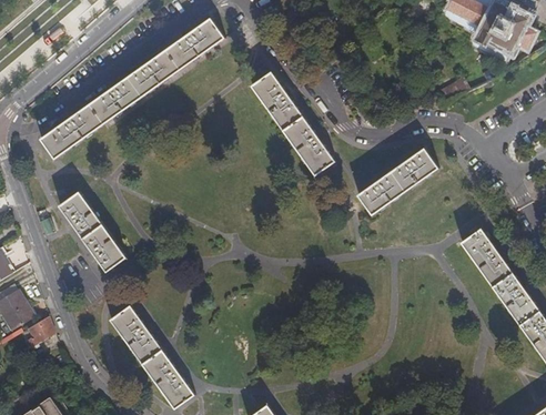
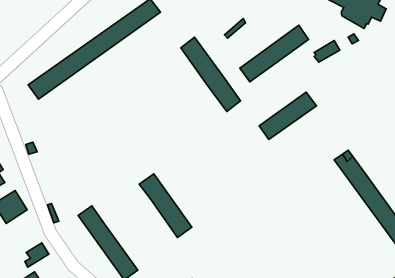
building: none -> [240,25,308,82]
building: [58,190,124,271] -> none
building: none -> [139,174,192,238]
building: [24,314,58,347] -> [25,243,49,267]

